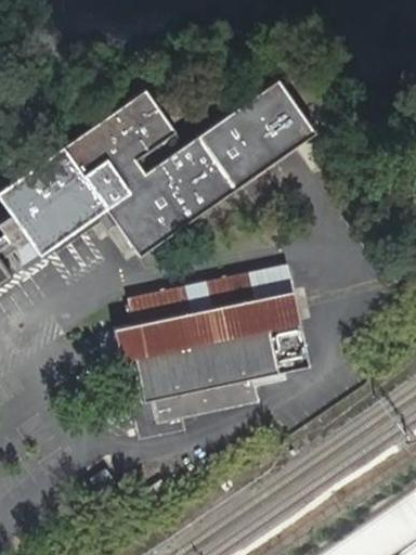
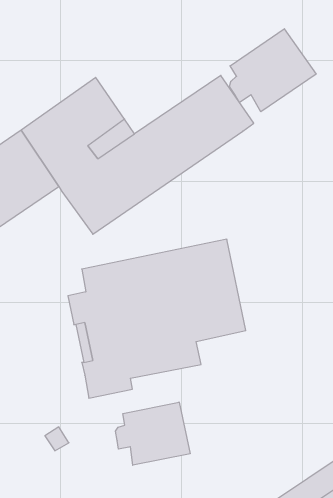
building: none -> [229,29,316,112]
building: none -> [116,402,190,465]

